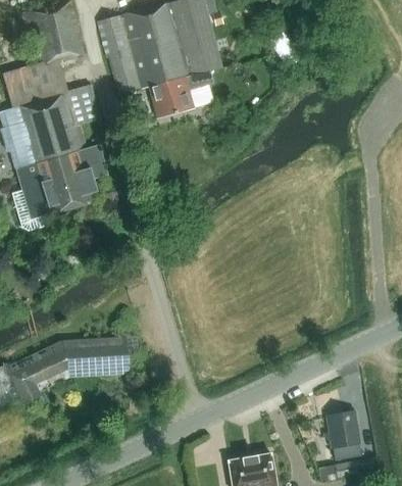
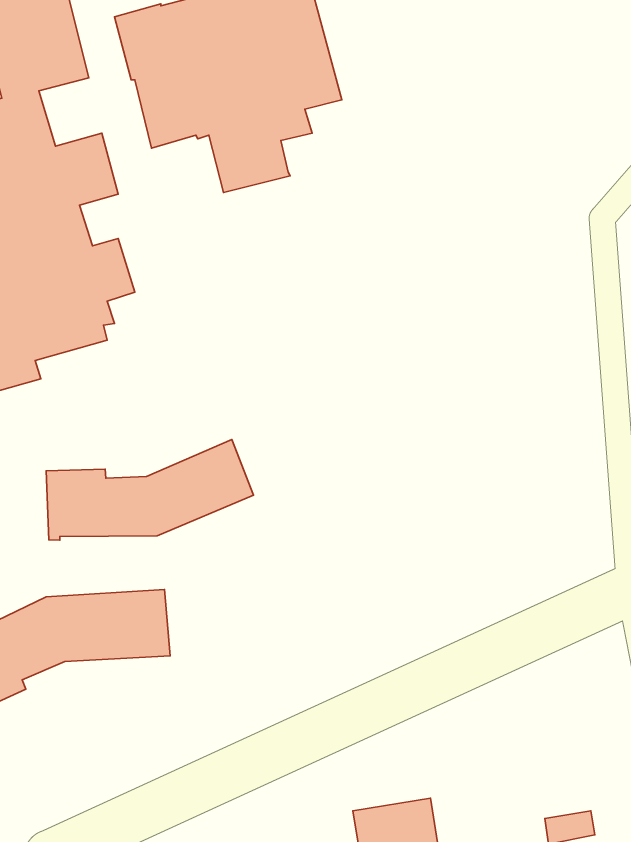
building: none -> [46,439,253,540]
building: [326,409,360,460] -> none

